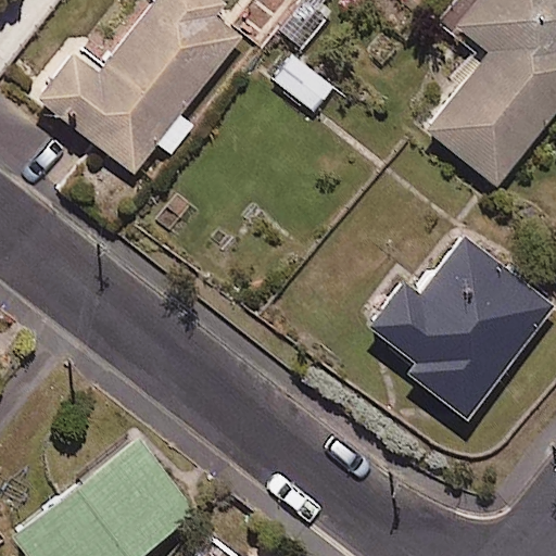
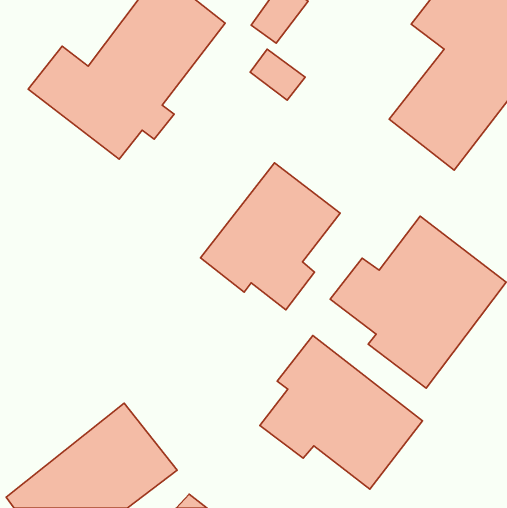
building: none -> [200,163,340,310]
building: none -> [260,335,422,489]

